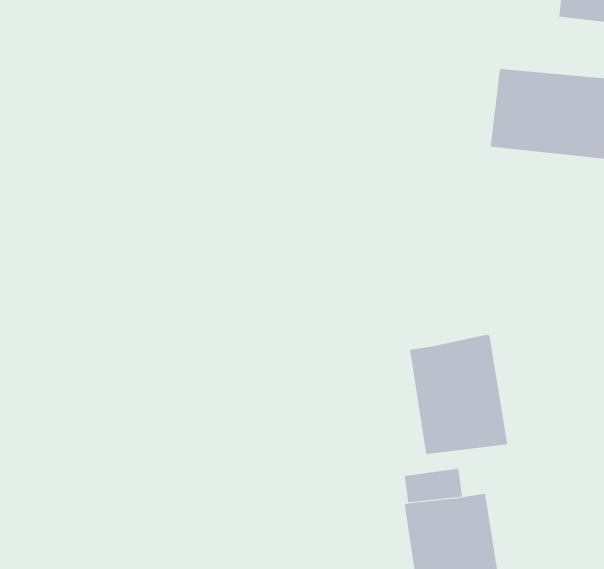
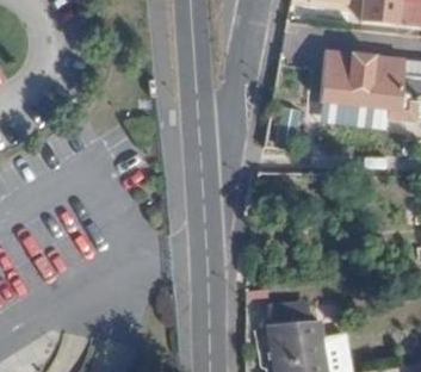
building: [409,334,508,455] -> none

